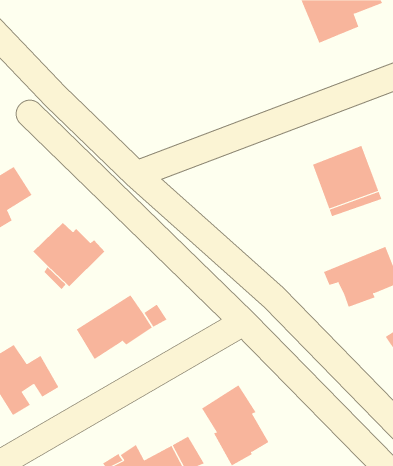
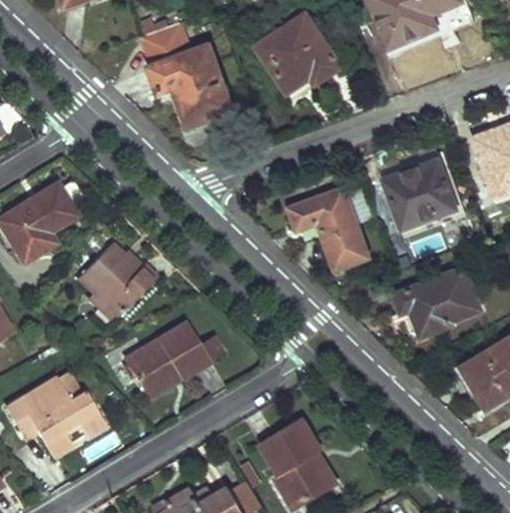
building: none -> [258,16,340,92]
building: none -> [141,23,232,123]
building: none -> [291,190,368,271]

